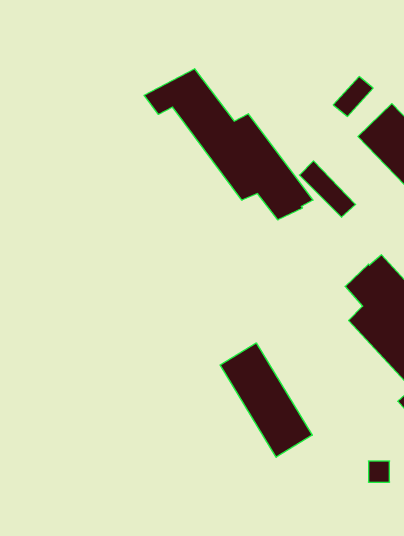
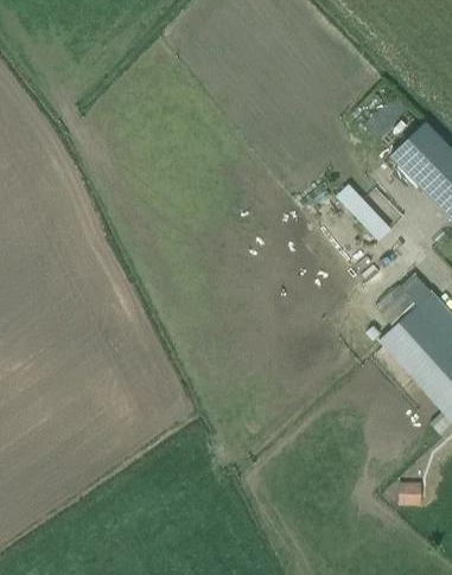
building: [144,69,313,220] -> none
building: [220,343,312,457] -> none

